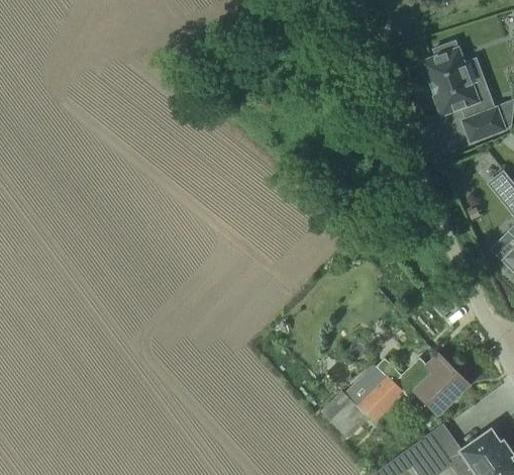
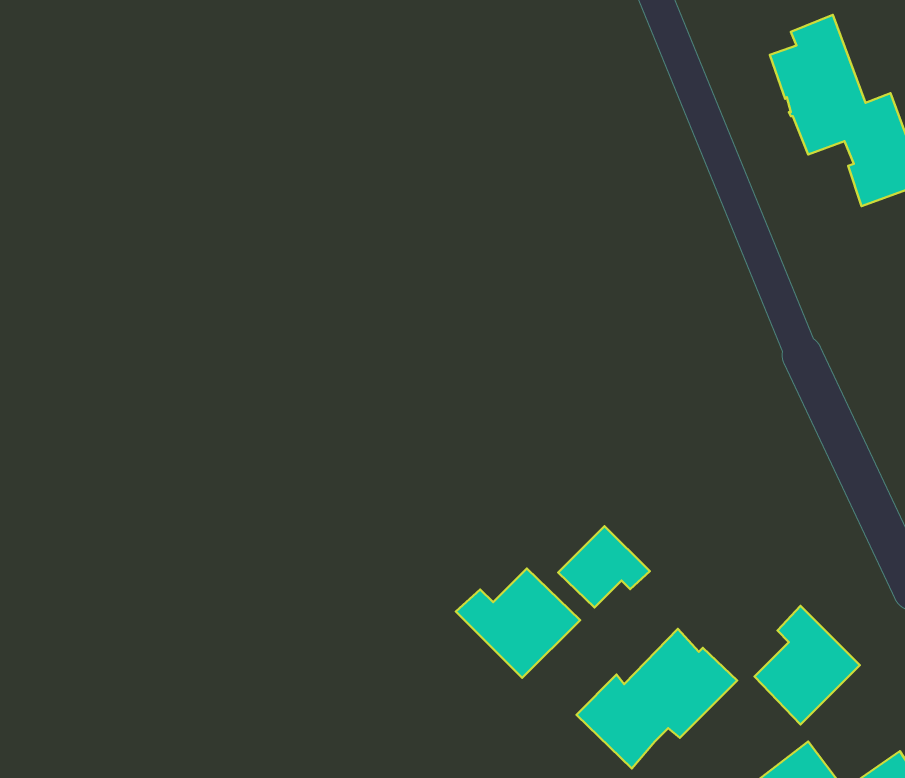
building: none -> [558,526,650,608]
building: none -> [456,569,580,678]

